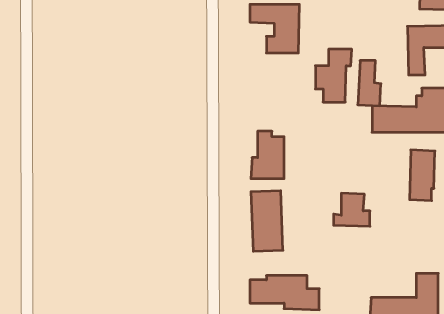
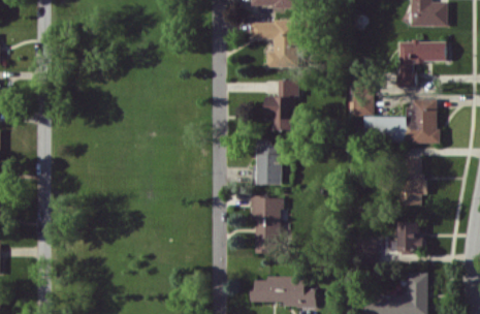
building: [315,49,352,102] -> [265,81,299,130]
building: [334,193,370,226] -> [390,221,424,252]

